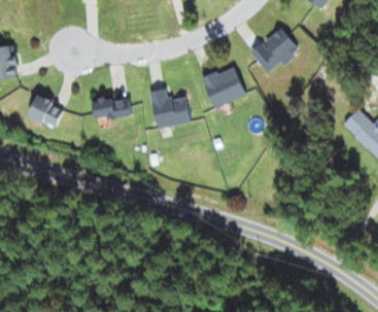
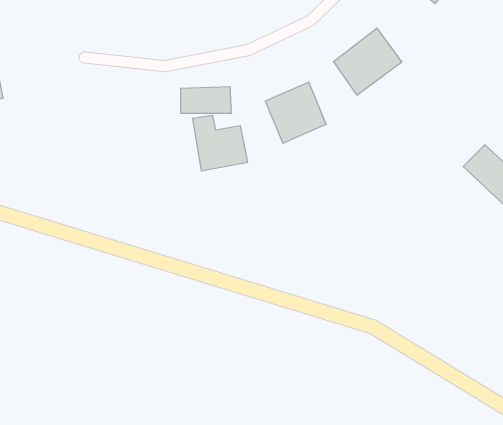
building: [27,94,62,127] -> none
building: [93,98,129,116] -> [181,87,232,113]

